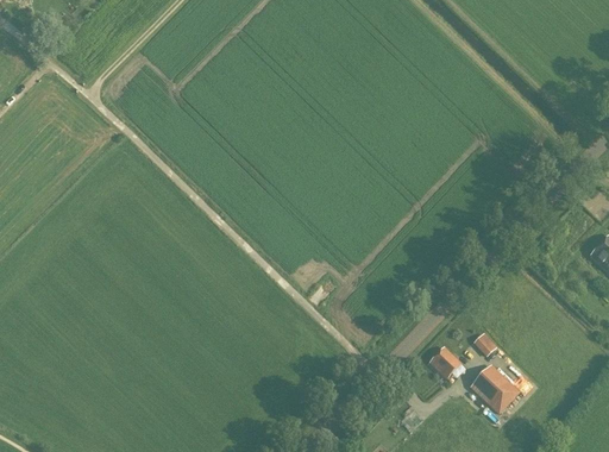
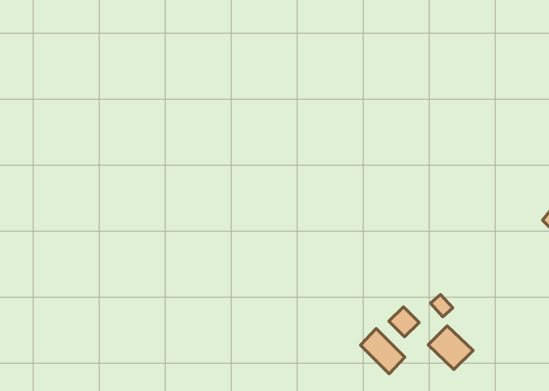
building: none -> [360,328,405,374]

